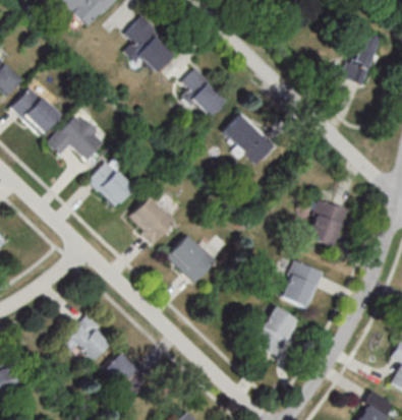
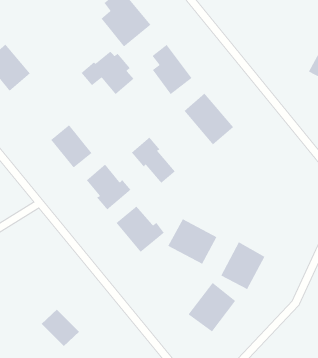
building: [48,116,104,161] -> [80,51,134,95]
building: none -> [131,137,176,184]
building: [306,199,348,247] -> none
building: none -> [167,218,218,265]
building: [62,315,111,359] -> none

